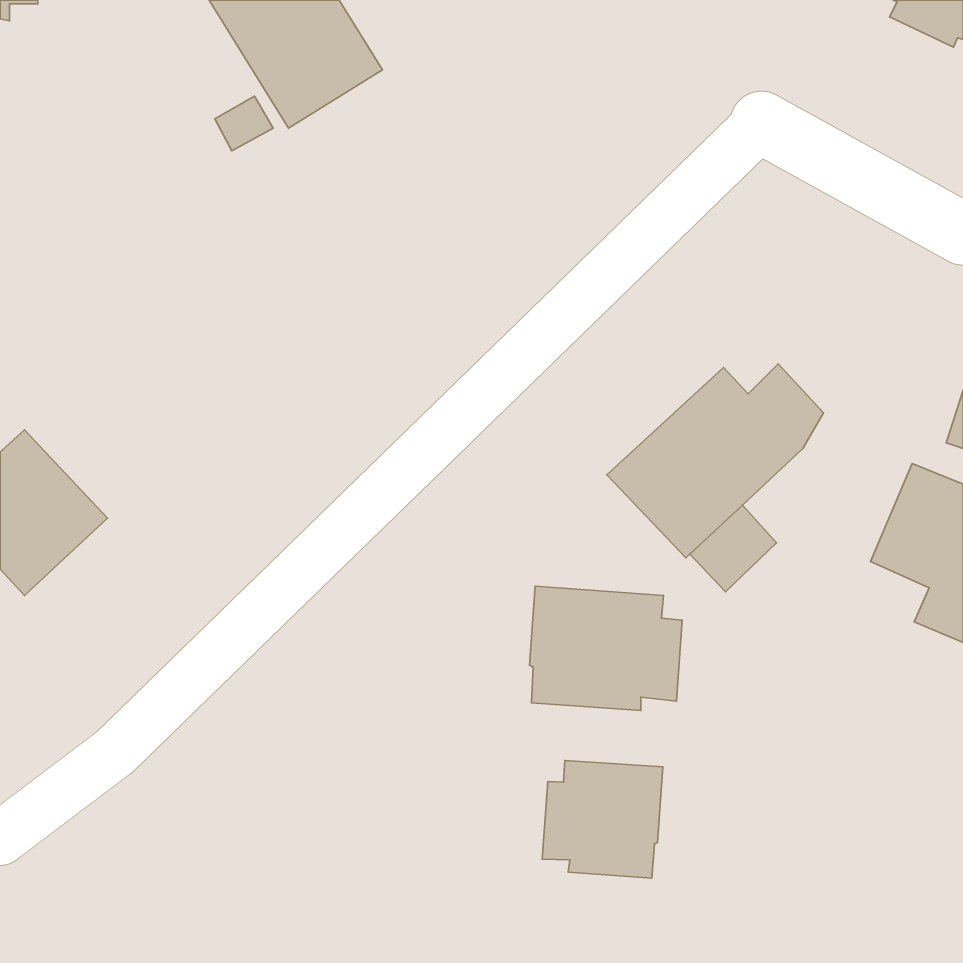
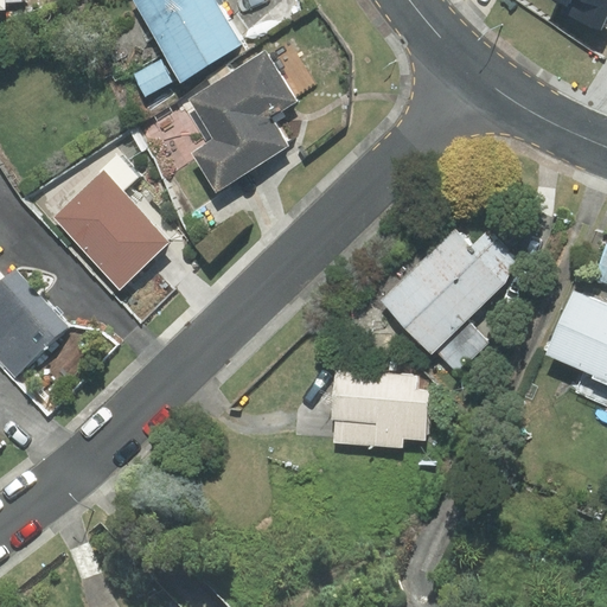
building: none -> [191,53,294,191]
building: none -> [53,156,168,288]
building: [542,761,663,878] -> none

